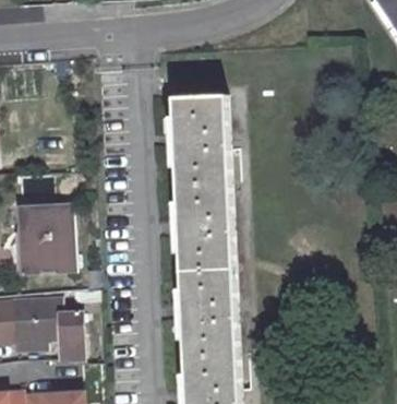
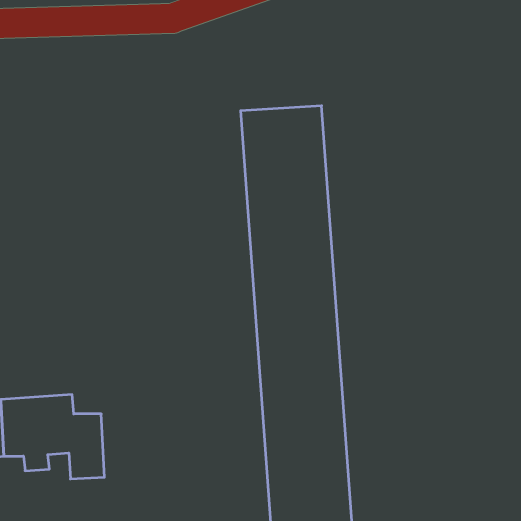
building: [23,209,74,273] -> none

